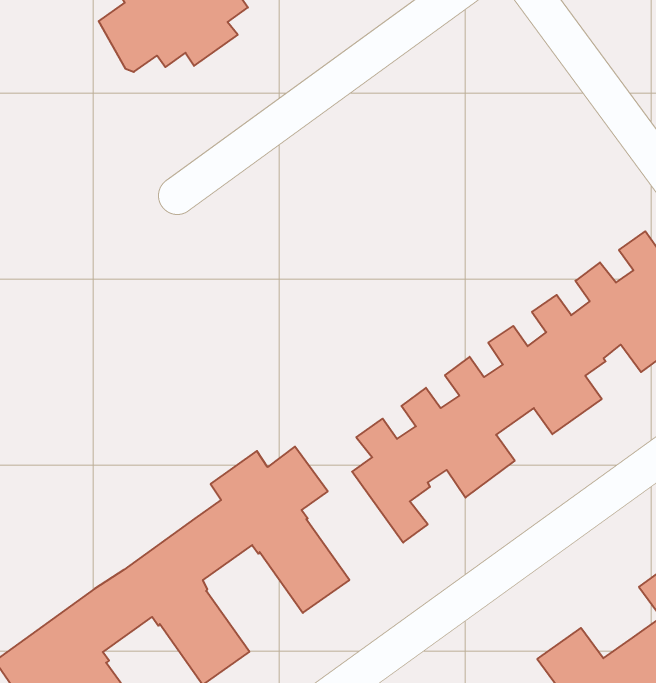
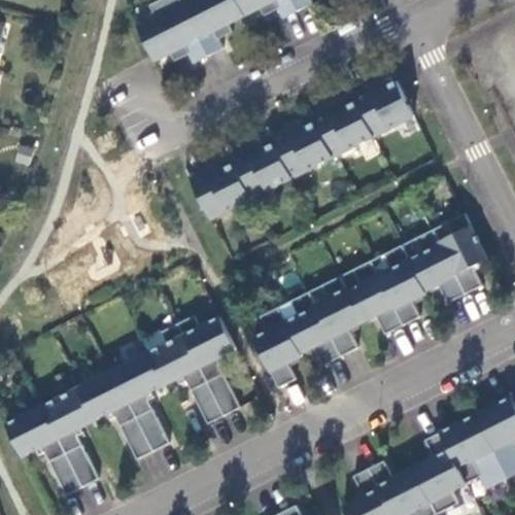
building: none -> [188,80,413,219]

